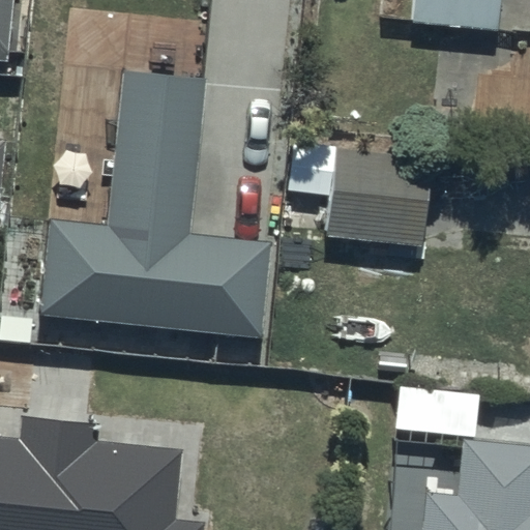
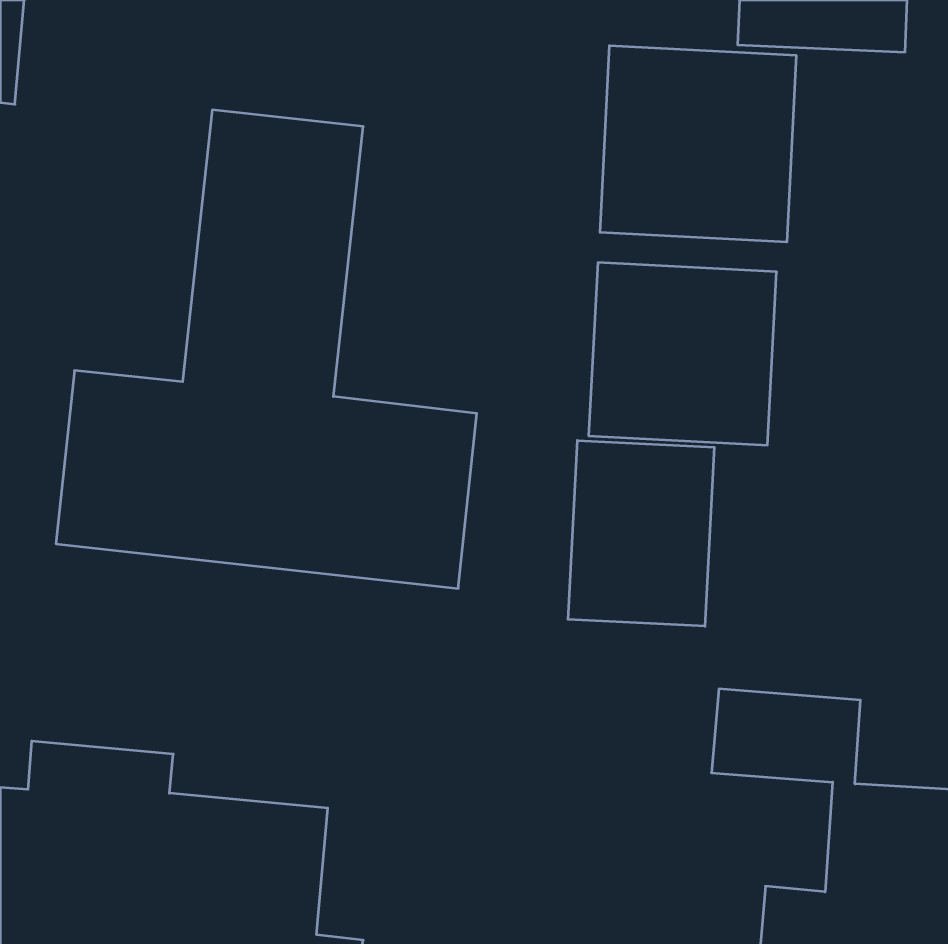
building: none -> [600,46,796,242]
building: none -> [568,440,714,626]

